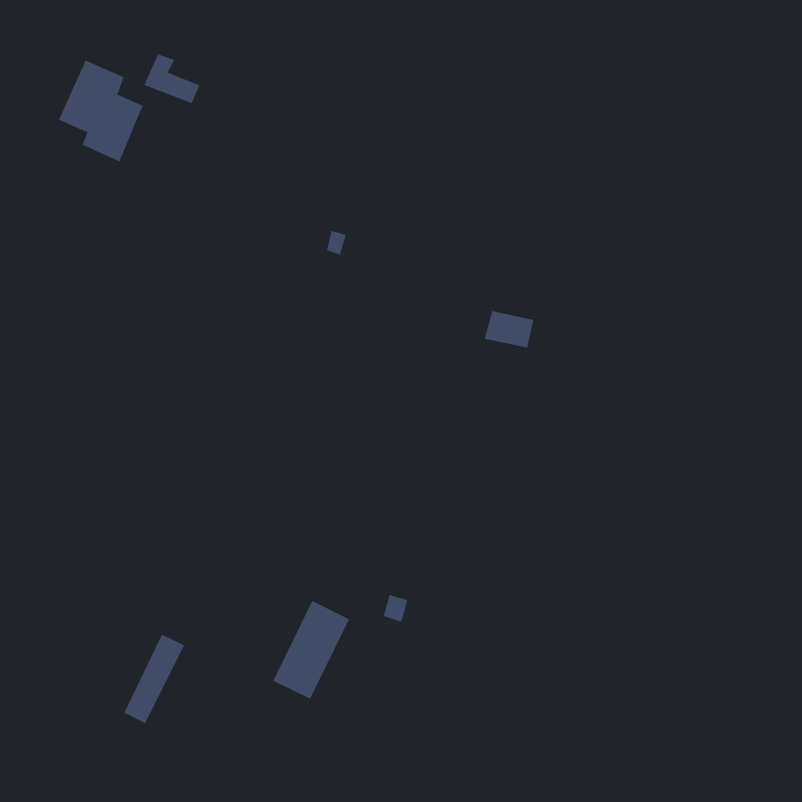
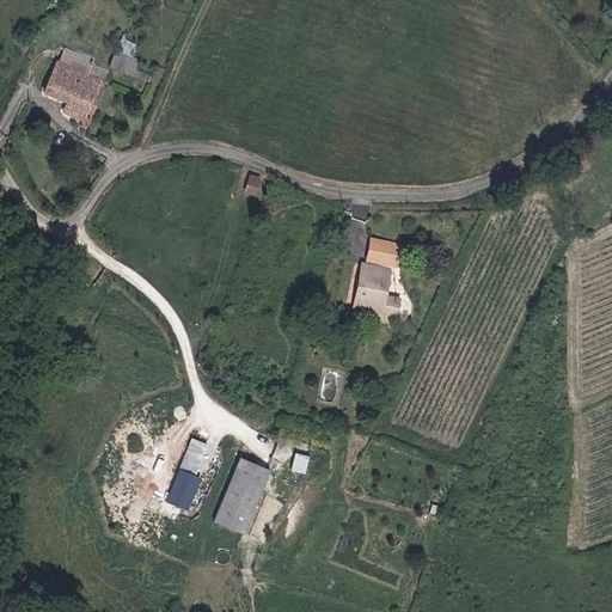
building: none -> [355,268,400,318]
building: [124,634,185,724] -> [164,436,210,504]

